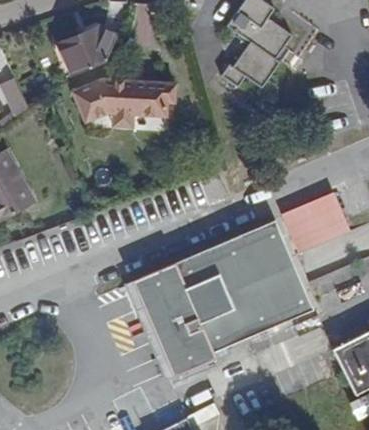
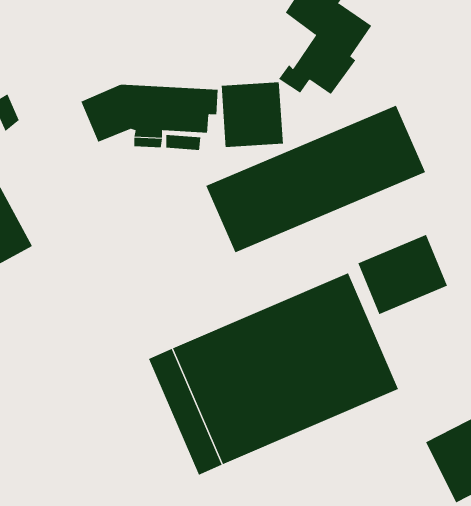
building: [58,27,117,75] -> none
building: none -> [221,81,284,148]
building: none -> [206,105,426,253]

